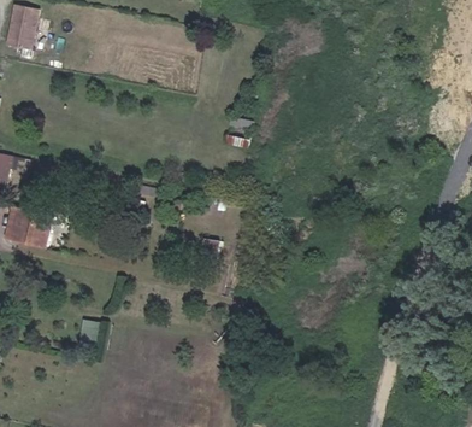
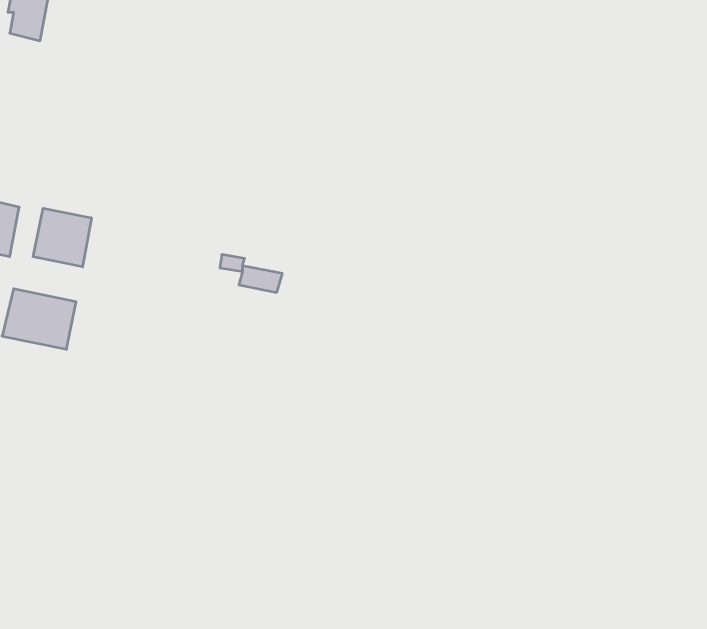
building: none -> [33,208,91,267]

